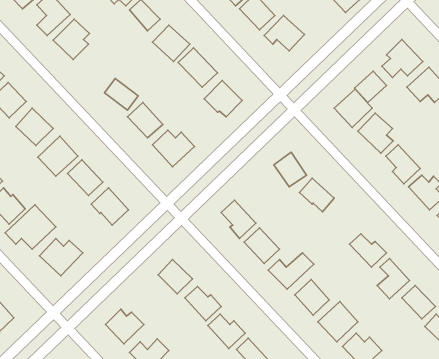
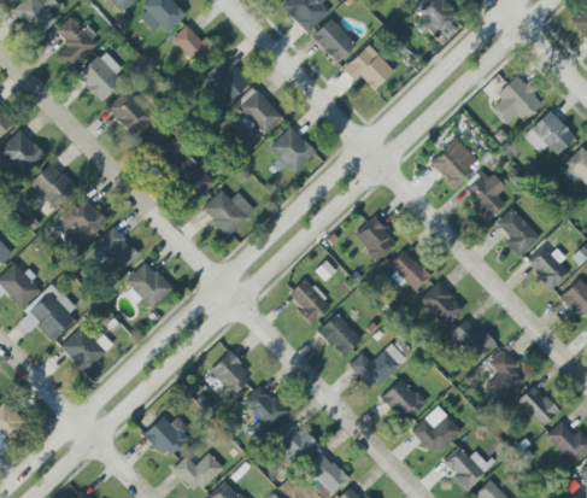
building: none -> [107,89,153,135]
building: [355,71,386,103] -> none
building: none -> [421,281,464,326]

